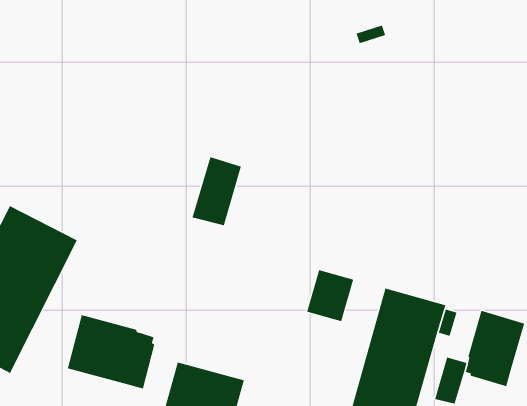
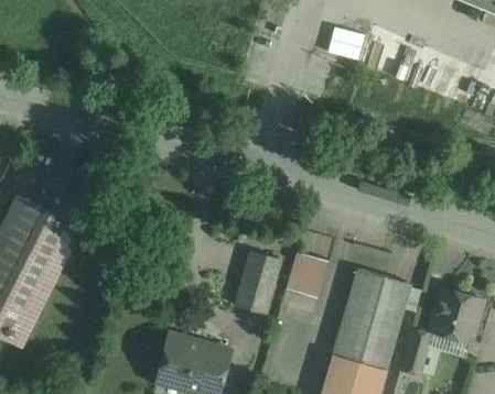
building: [191,156,242,226] -> [235,250,280,313]
building: [67,314,155,390] -> none

